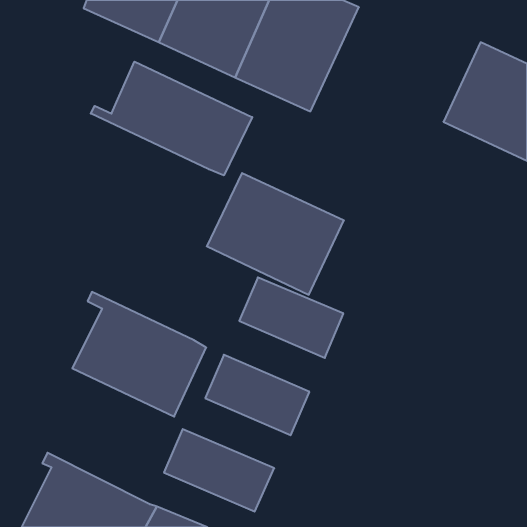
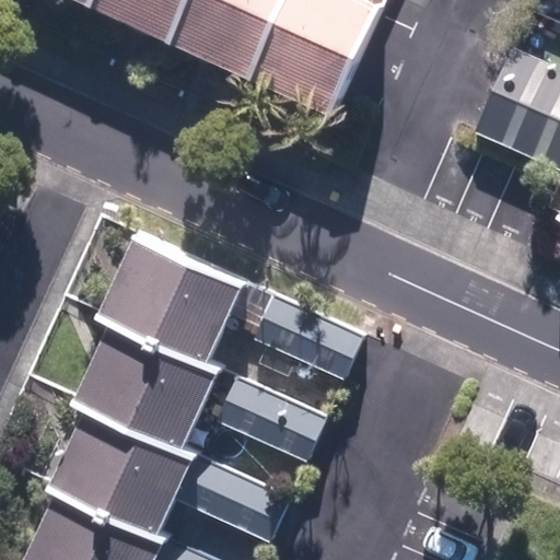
building: [91,62,252,175] -> none
building: [207,173,344,295] -> [97,232,243,361]
building: none -> [50,390,194,535]

